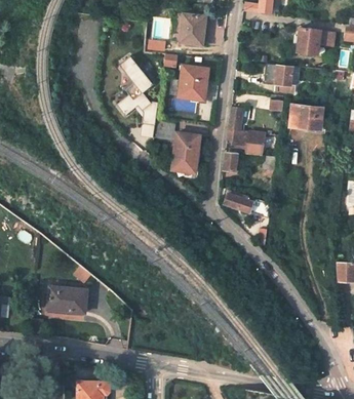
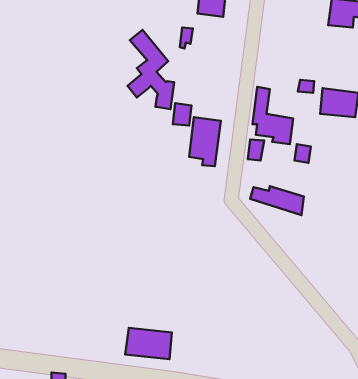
building: [266,64,296,92] -> none
building: [179,68,207,101] -> none
building: [48,286,89,314] -> [125,328,172,359]

